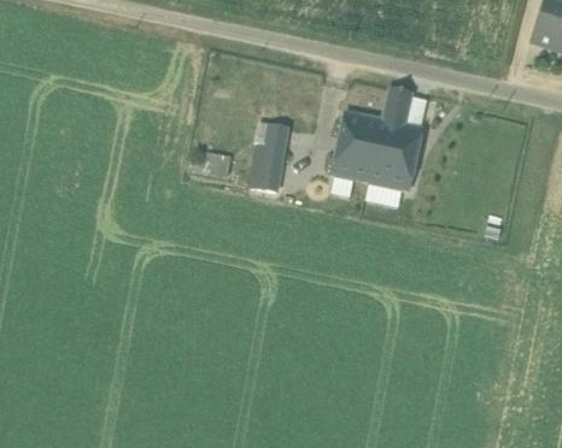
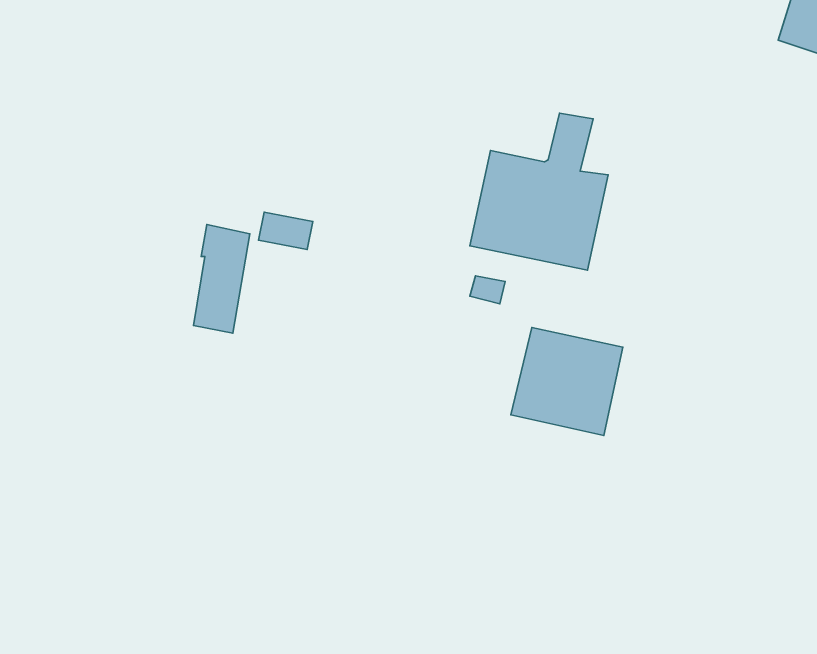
building: [252,120,288,190] -> [194,225,250,333]
building: none -> [511,327,623,435]

